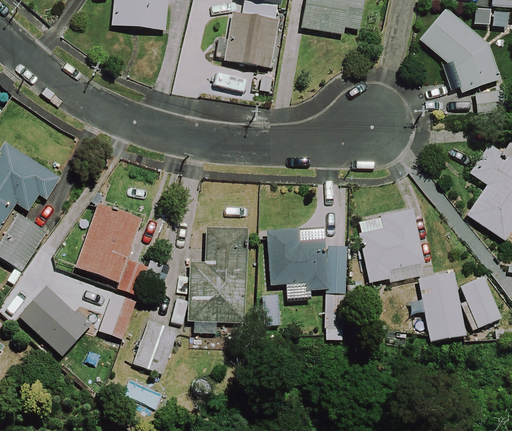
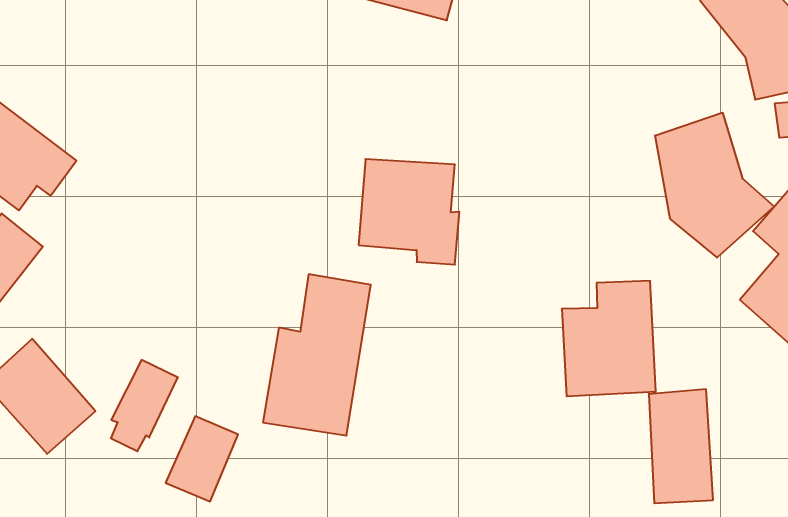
building: none -> [655,113,774,258]
building: [76,204,144,293] -> none
building: [268,228,329,289] -> [359,159,459,265]
building: [458,276,500,328] -> none

